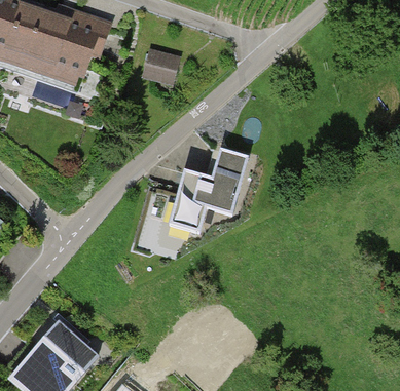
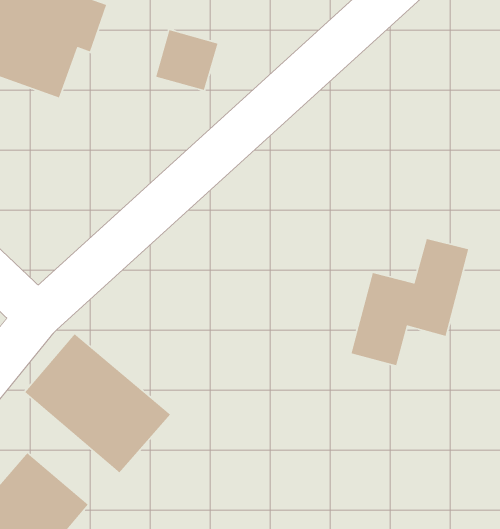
building: [169,149,248,234] -> [350,238,469,366]
building: none -> [24,333,171,474]

